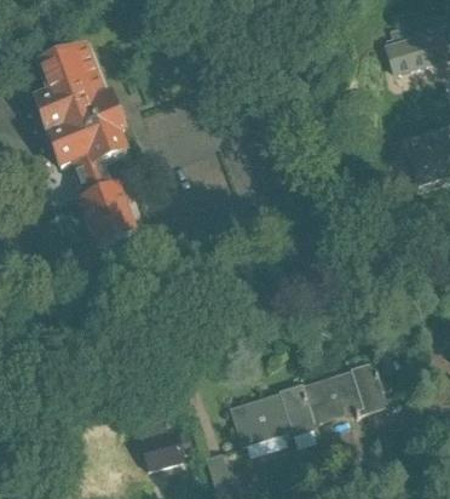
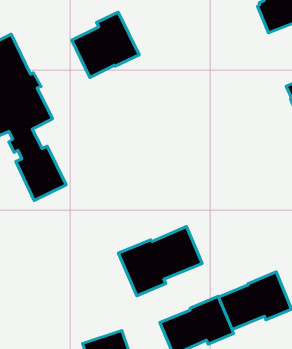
building: none -> [72,12,139,77]
building: none -> [118,226,202,296]

